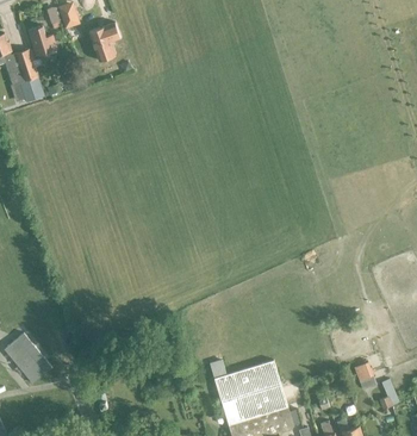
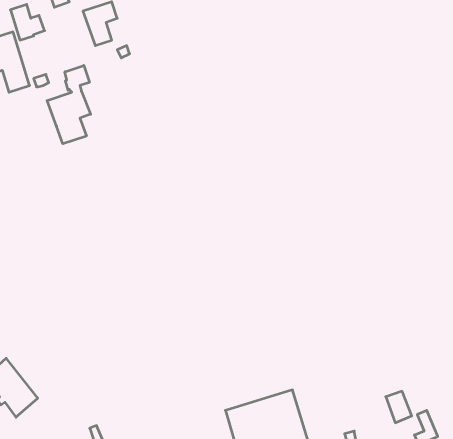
building: none -> [47,65,91,144]

